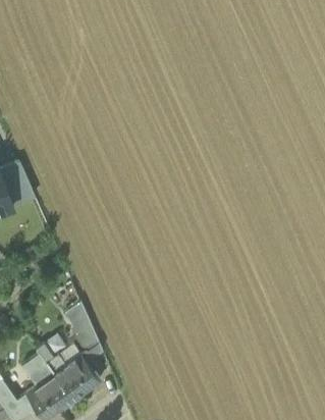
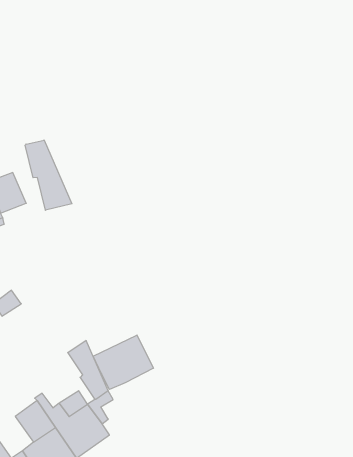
building: none -> [25,140,72,210]
building: none -> [93,335,153,389]

